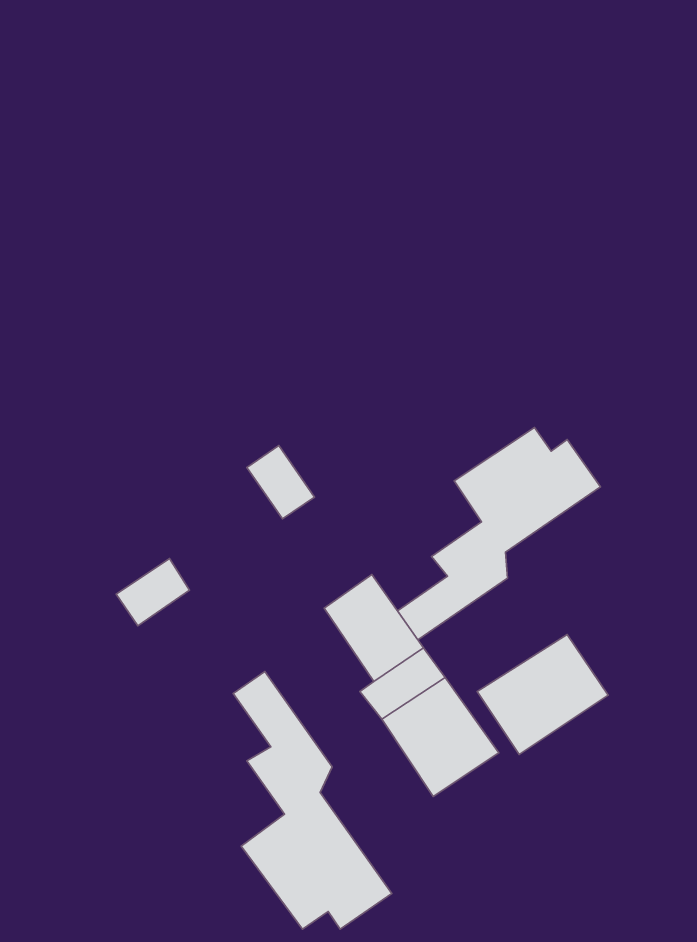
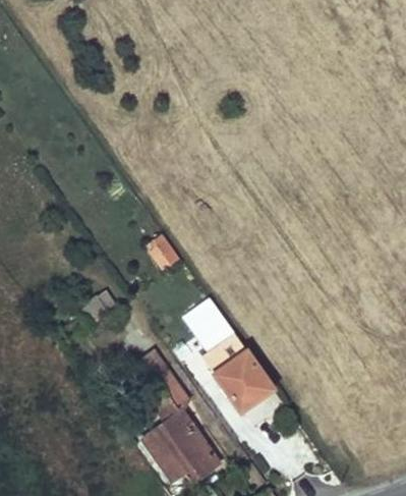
building: [397,428,600,640] -> none
building: [477,635,608,755] -> none

